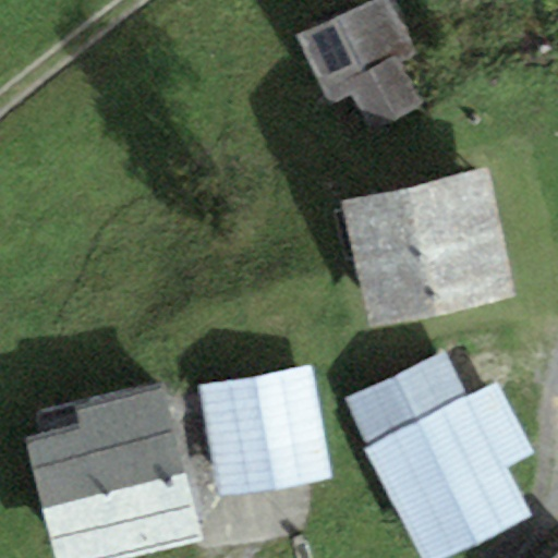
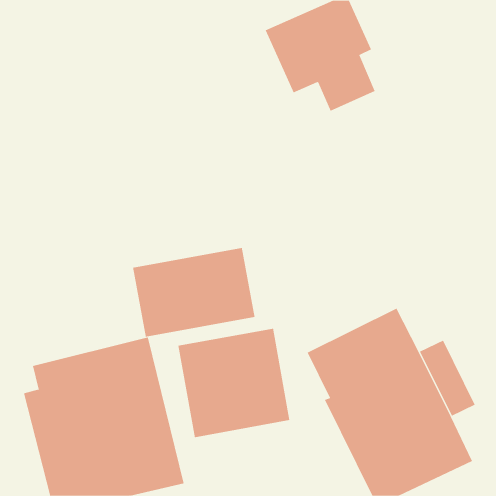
building: [348,177,507,324] -> none
building: none -> [132,247,255,337]

